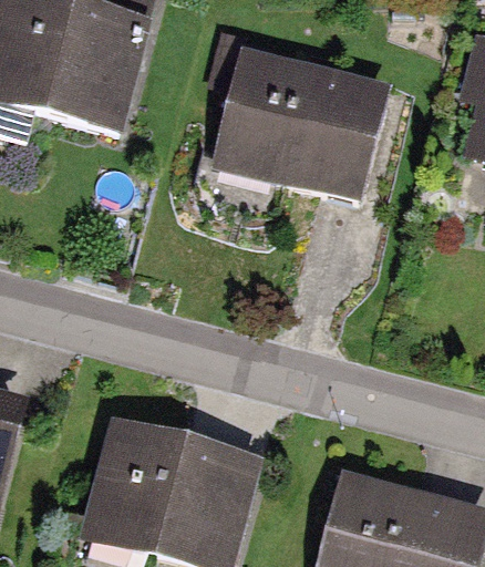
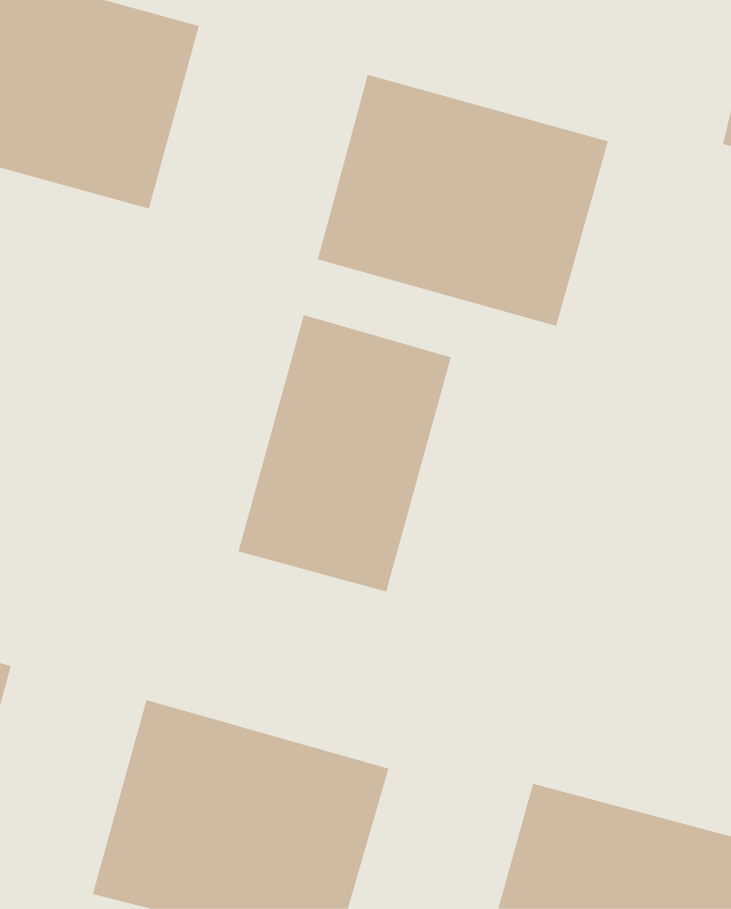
building: none -> [238,314,452,593]

